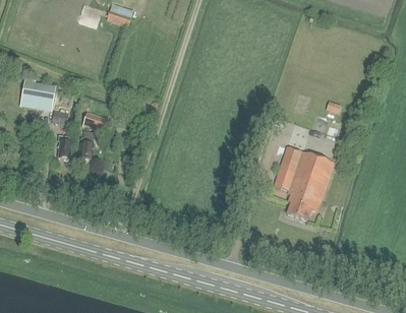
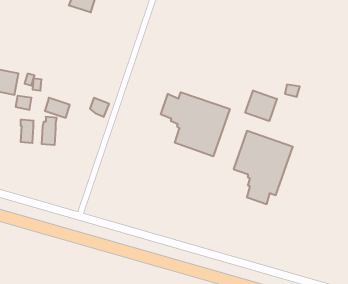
building: none -> [245,90,277,121]
building: none -> [161,92,230,156]

